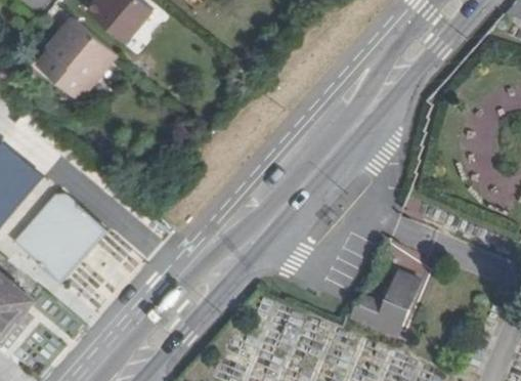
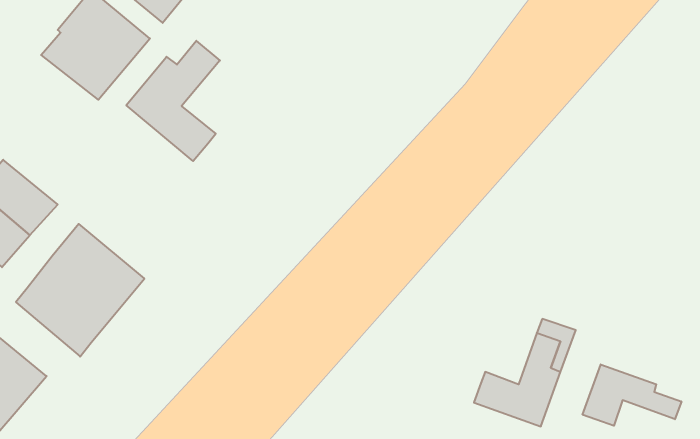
building: none -> [126,41,220,161]
building: none -> [583,364,681,426]

